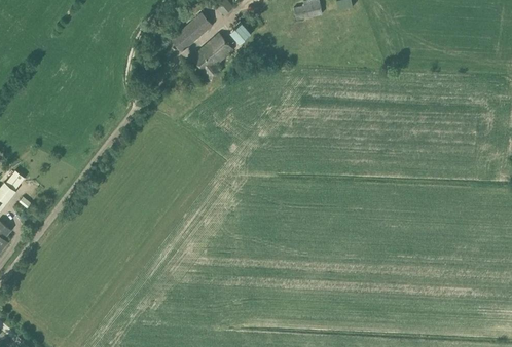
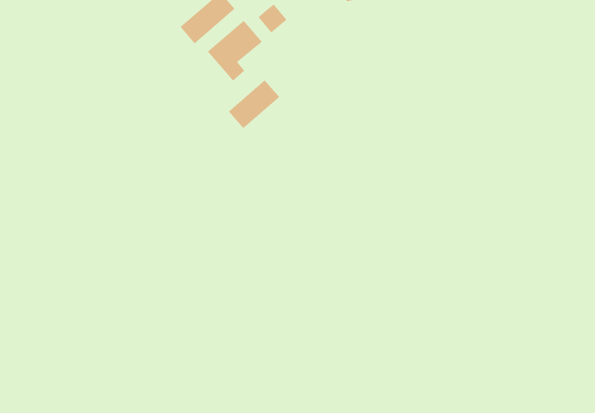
building: none -> [228,80,280,129]

